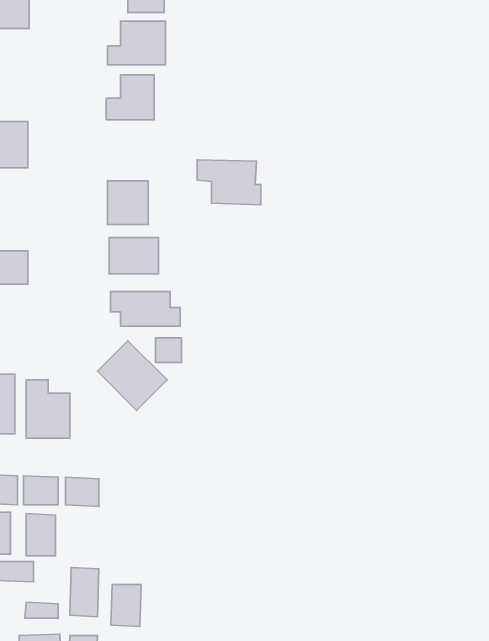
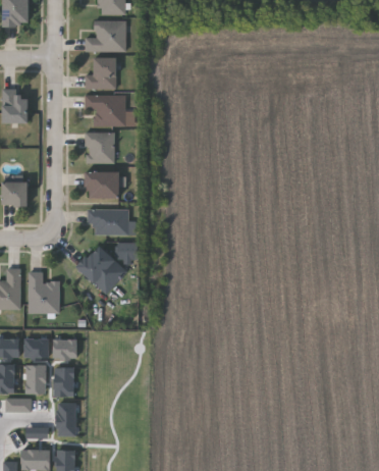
building: [197,160,261,205] -> [83,94,127,125]
building: [111,584,141,627] -> [54,368,75,398]

